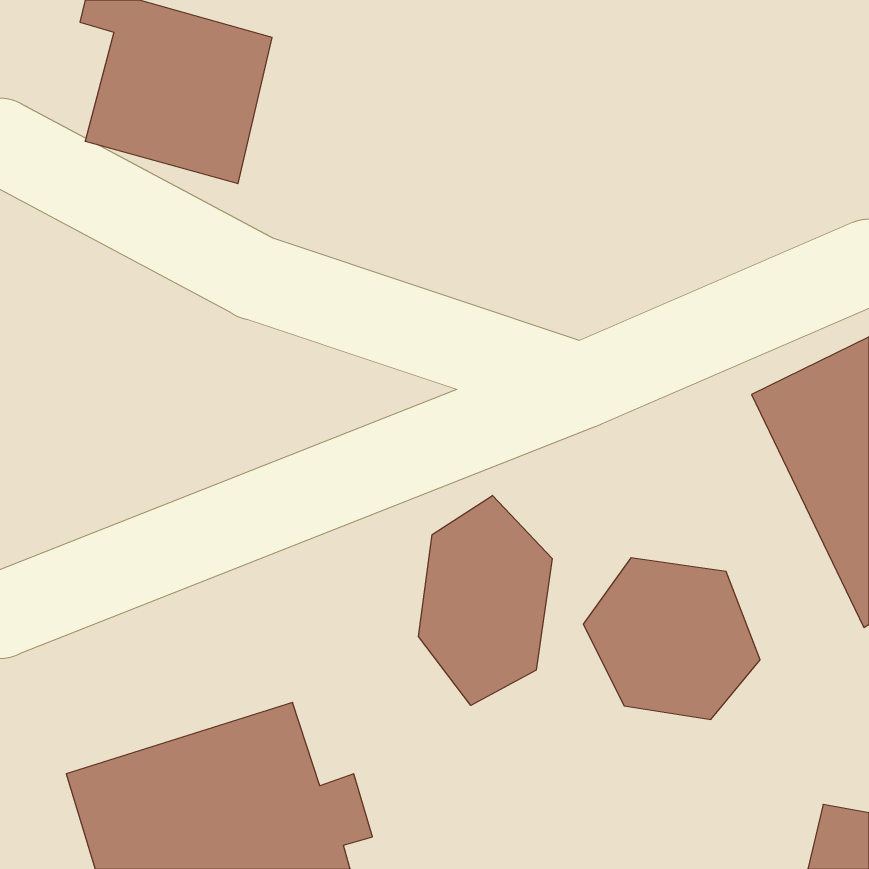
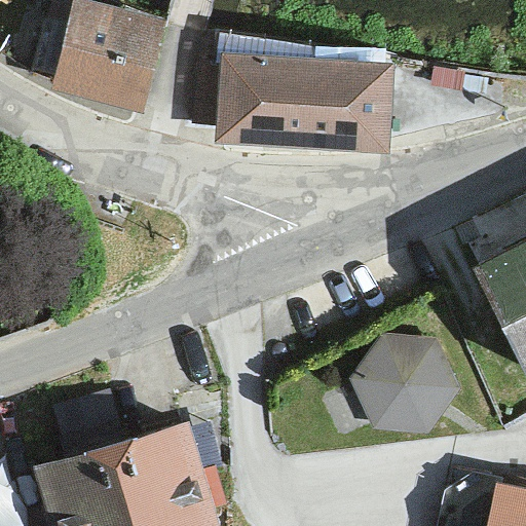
building: none -> [197,31,389,142]
building: [418,495,552,705] -> none

